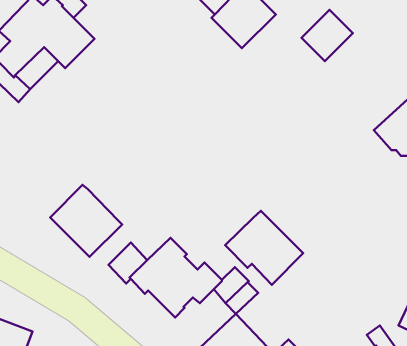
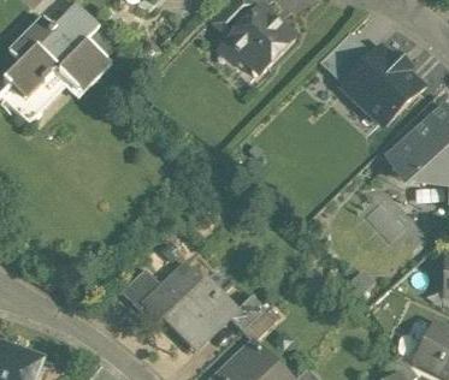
building: none -> [344,46,421,123]
building: [50,185,122,257] -> none
building: [225,211,303,285] -> none

